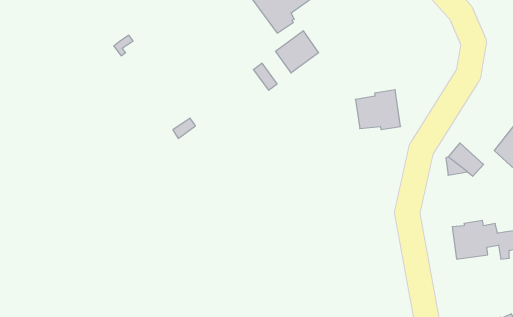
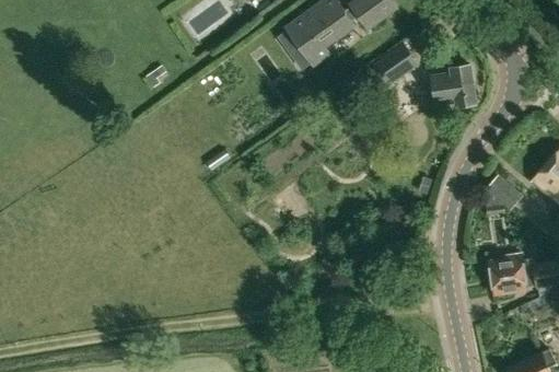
building: [276,31,319,73] -> [372,43,416,85]
building: [355,90,401,130] -> [430,65,476,105]

